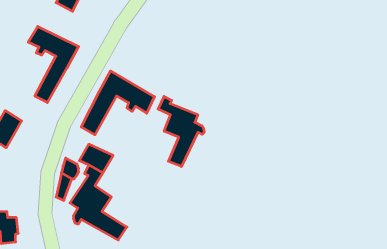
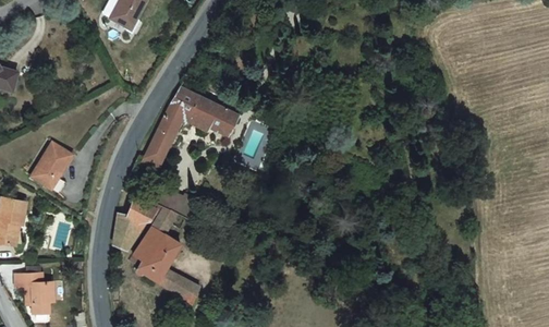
building: [28,26,79,103] -> none
building: [158,96,204,167] -> none

